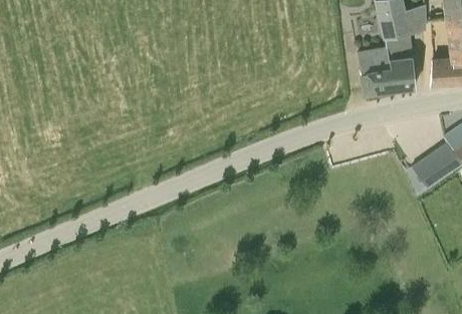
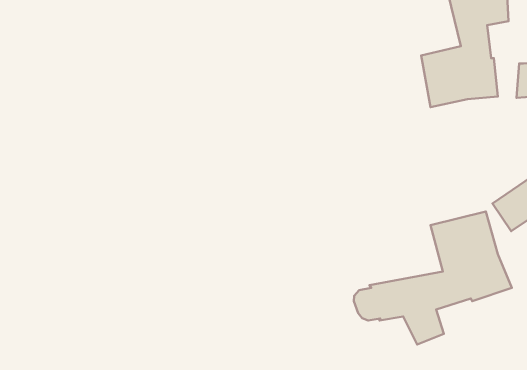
building: none -> [354,211,512,344]

